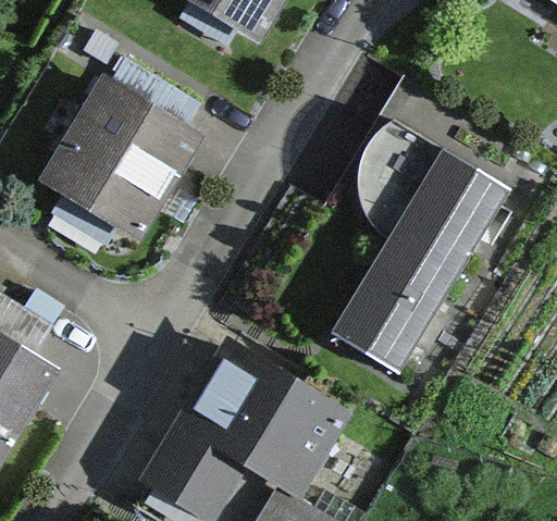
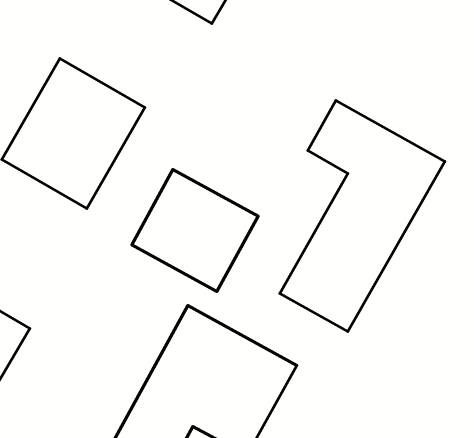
building: none -> [132,170,258,292]

